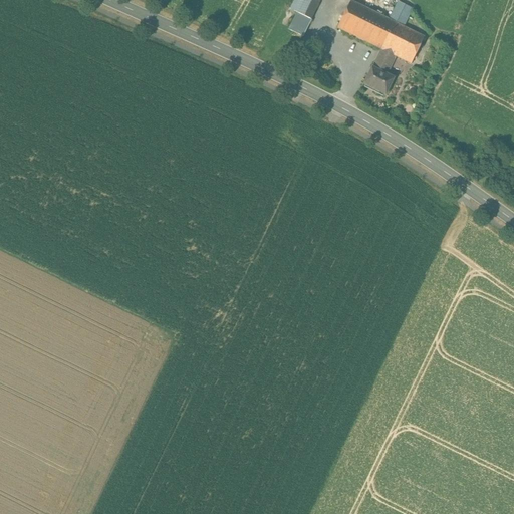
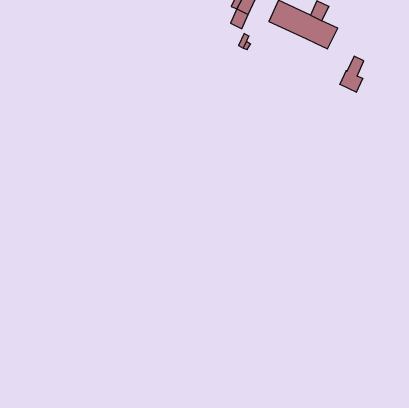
building: [365,48,396,93] -> [340,56,364,92]

